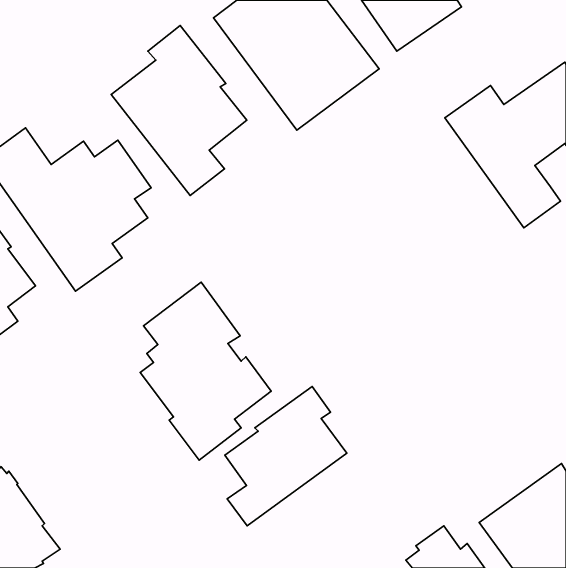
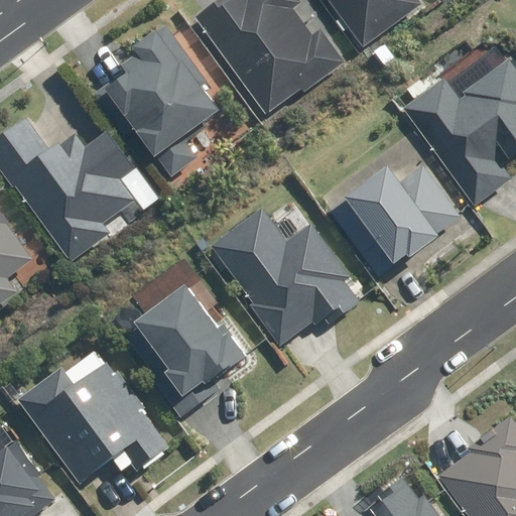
building: none -> [327,162,463,278]
building: none -> [209,206,354,347]
building: none -> [15,349,168,483]
building: [225,386,347,526] -> none

